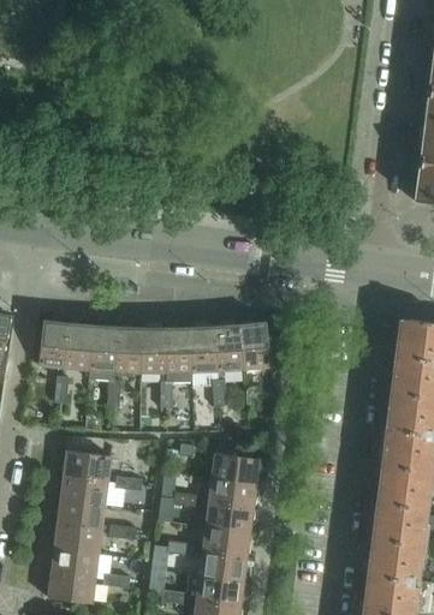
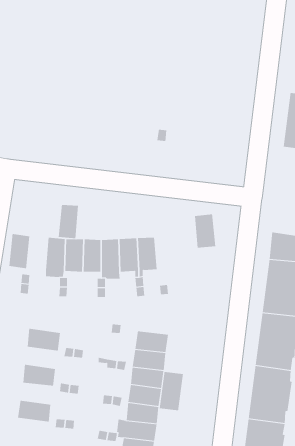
building: [239,323,269,370] -> [194,214,216,248]
building: [64,324,93,371] -> [58,205,79,239]
building: [60,476,107,506] -> none
building: none -> [159,371,184,411]
building: [54,525,101,555] -> none
building: [48,573,95,604] -> none

